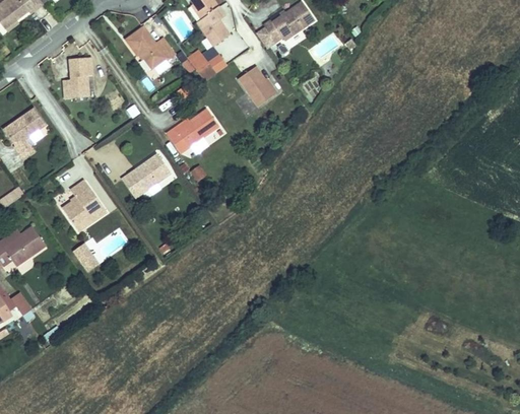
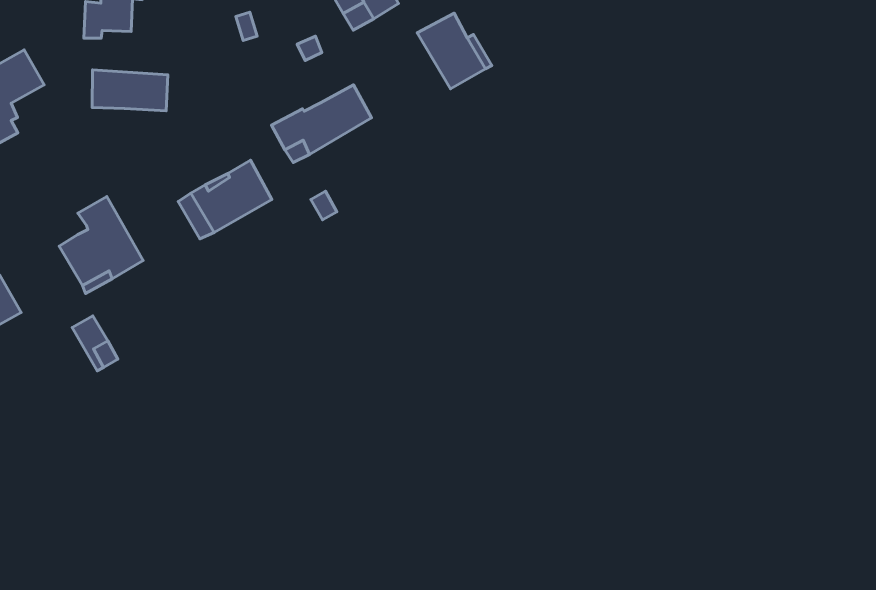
building: none -> [92,70,168,111]

